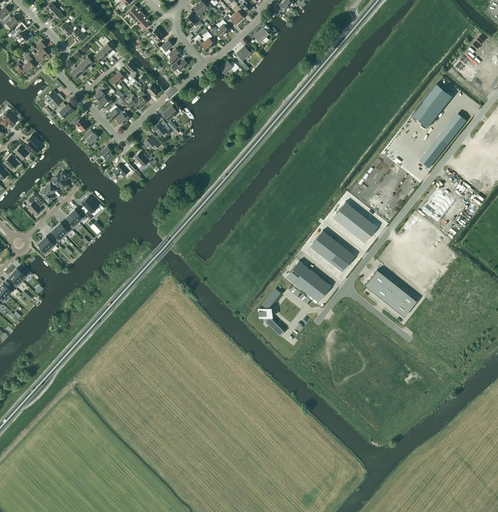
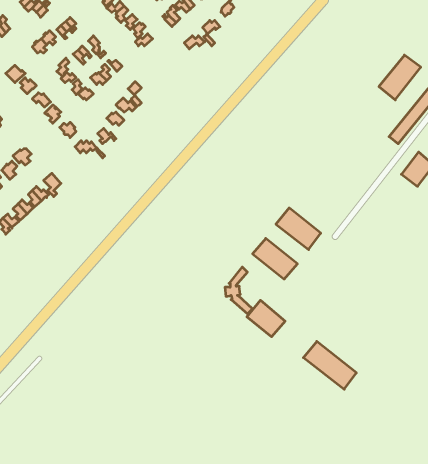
building: [332,202,377,243] -> none
building: [364,270,416,317] -> [303,341,356,389]
building: none -> [247,300,285,337]

